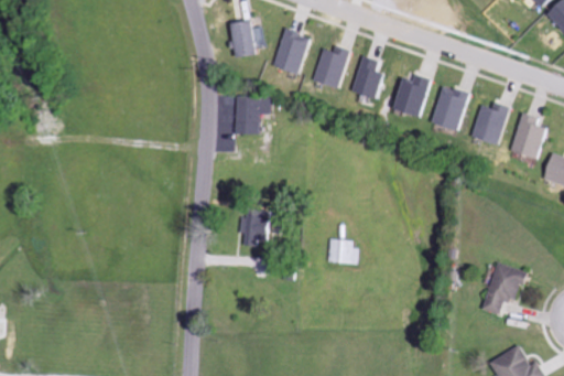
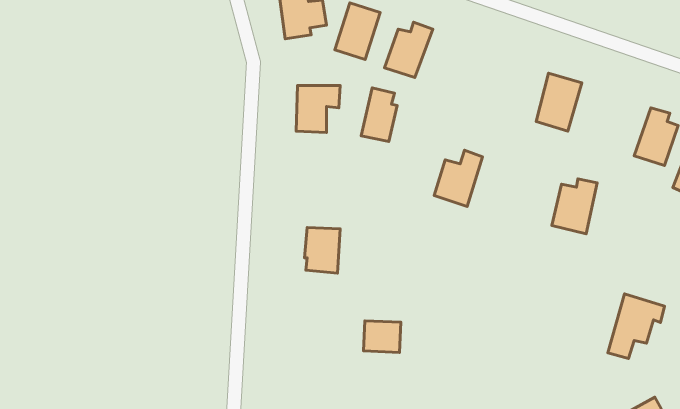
building: [351,56,380,99] -> [361,88,397,141]
building: [391,74,430,119] -> [434,150,482,207]
building: [471,103,508,147] -> [552,179,597,234]
building: [332,238,361,264] -> [364,321,401,352]

